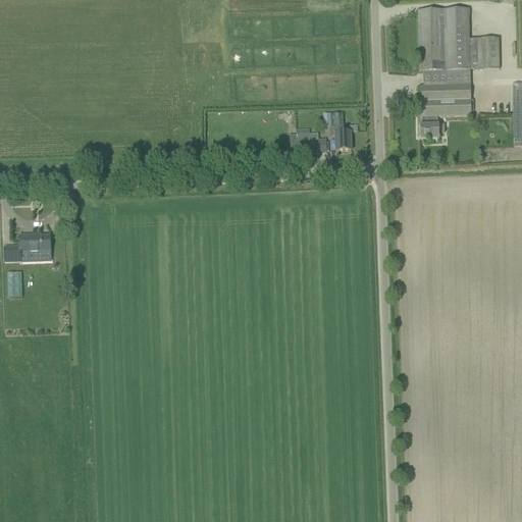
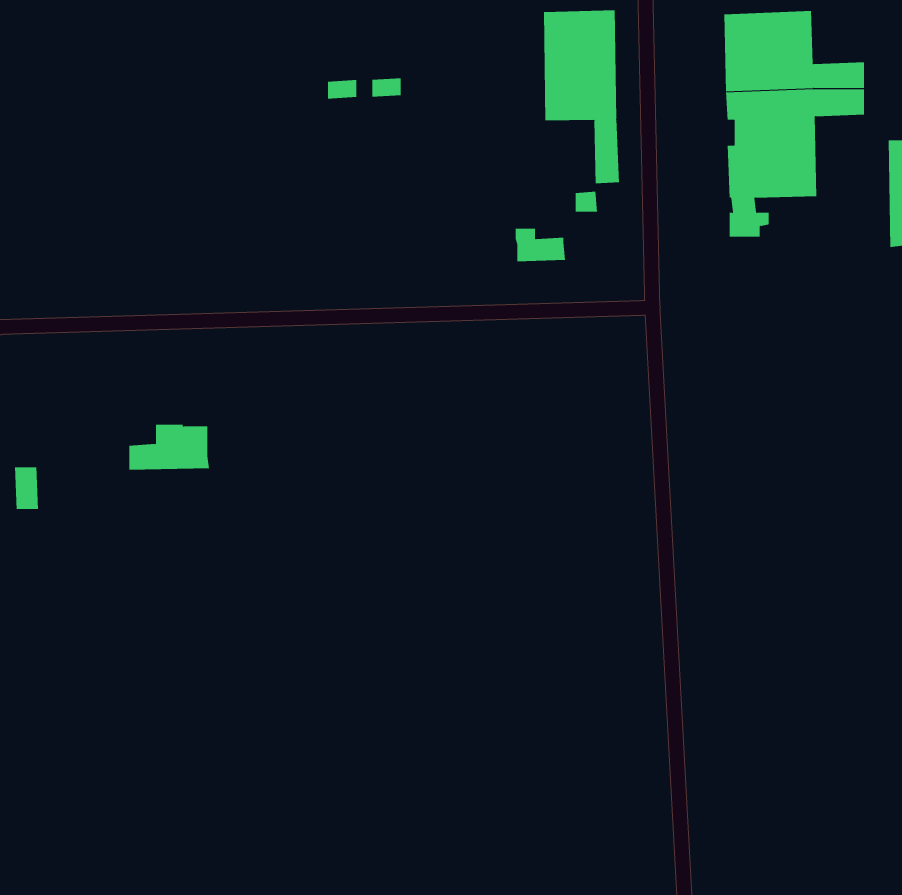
building: none -> [543,9,619,184]
building: [331,123,352,149] -> none
building: [5,232,52,259] -> [129,424,210,470]

